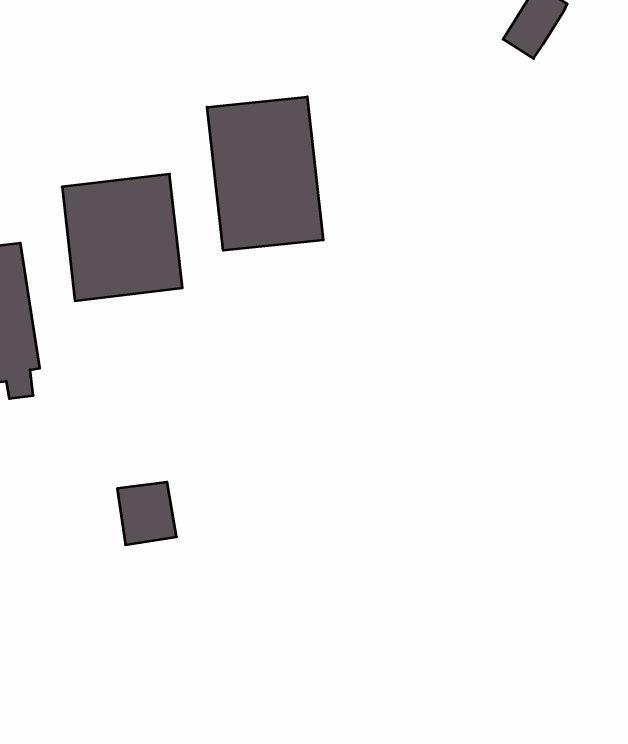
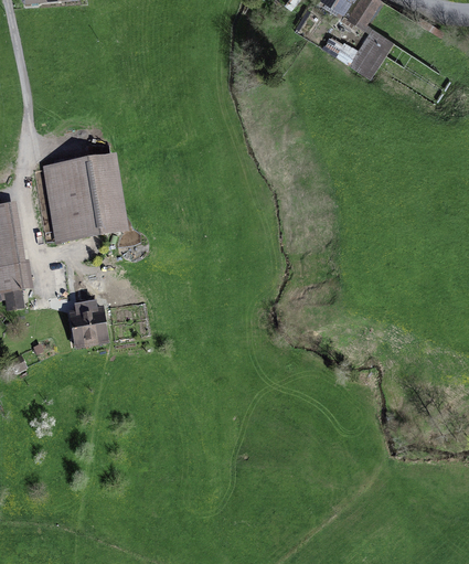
building: [207,97,323,250] -> none
building: [117,482,177,545] -> [67,304,108,347]

